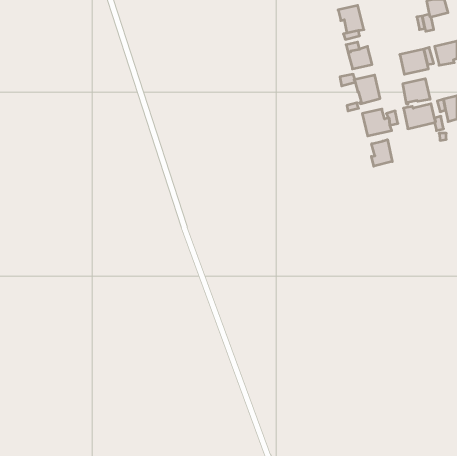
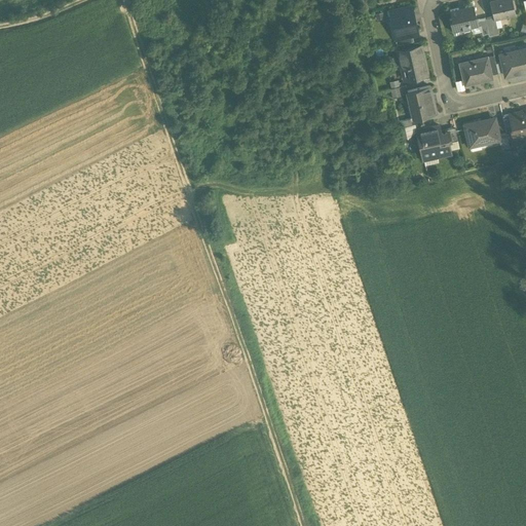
building: none -> [450,5,478,32]
building: [403,79,430,104] -> none
building: [371,140,392,166] -> none

